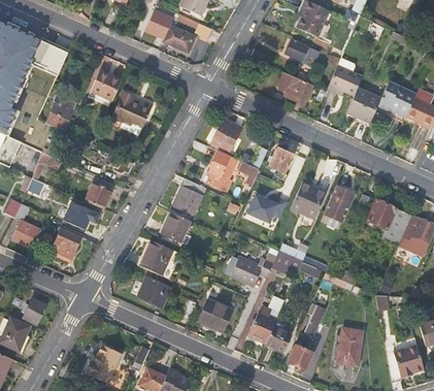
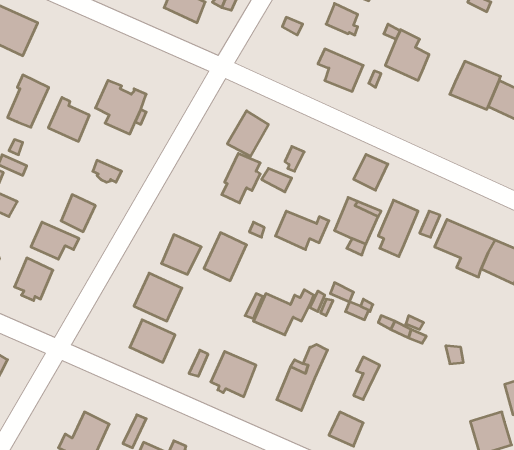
building: [90,68,121,101] -> [48,97,89,141]
building: [346,87,381,123] -> none
building: [268,148,294,174] -> [354,154,388,190]
building: [173,178,205,215] -> [204,233,247,281]
building: [265,319,291,353] -> none
building: [336,328,362,365] -> none

